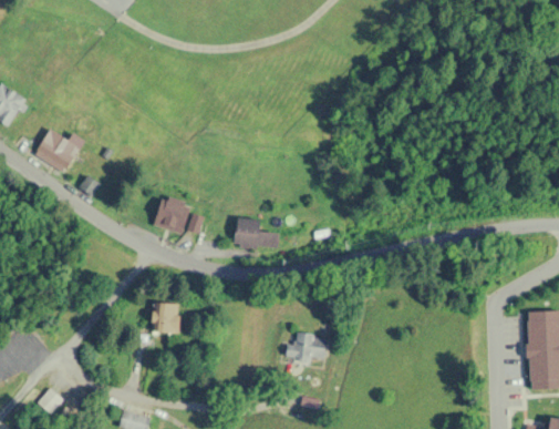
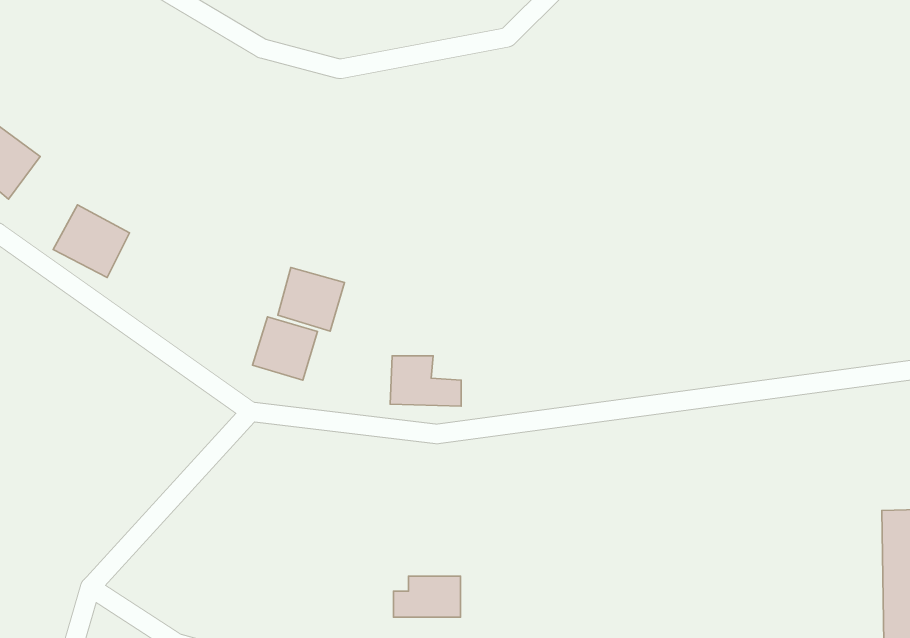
building: none -> [278,268,344,331]
building: [153,303,180,333] -> none
building: [287,334,327,358] -> [393,576,461,617]

